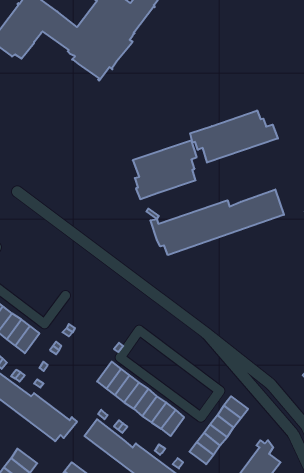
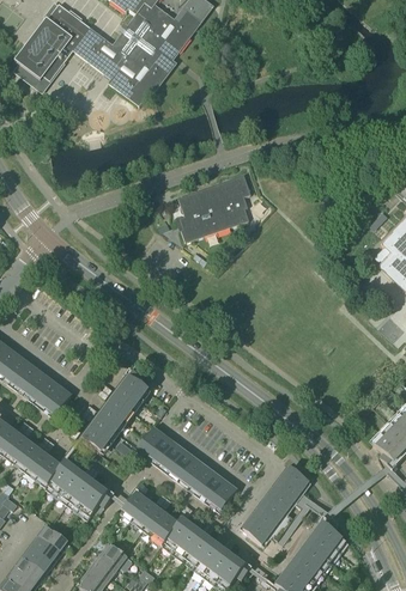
building: [190,110,278,163] -> none
building: [150,189,284,255] -> none
building: none -> [81,366,147,451]

